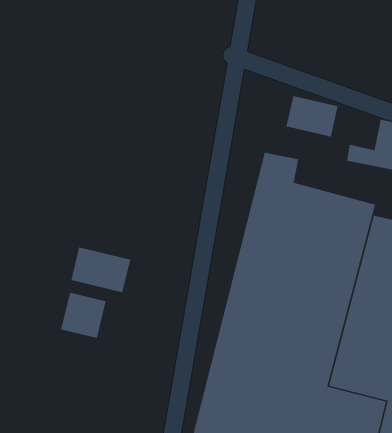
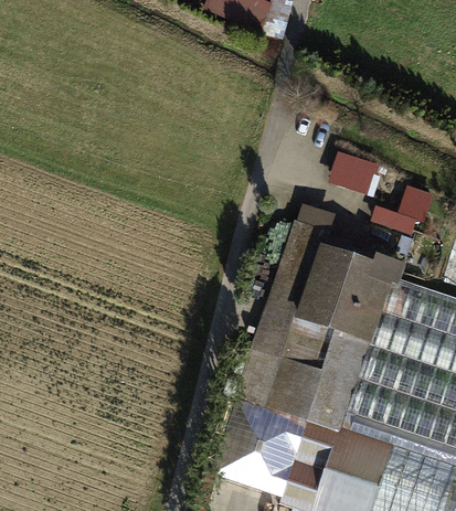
building: [70,246,131,293] -> none
building: [60,292,107,339] -> none

